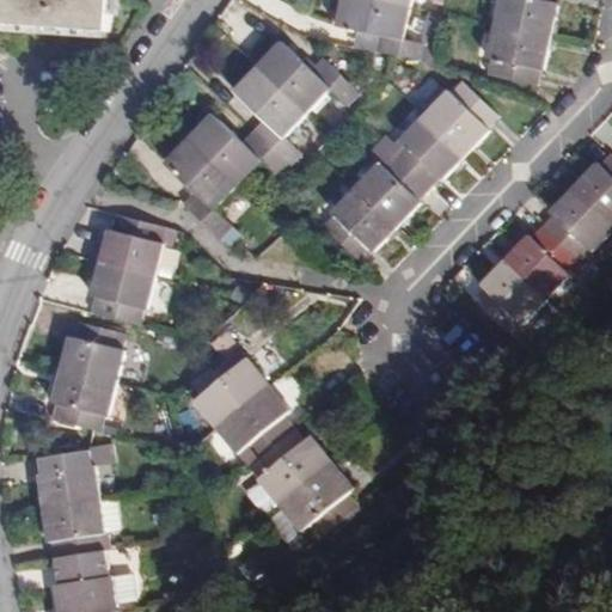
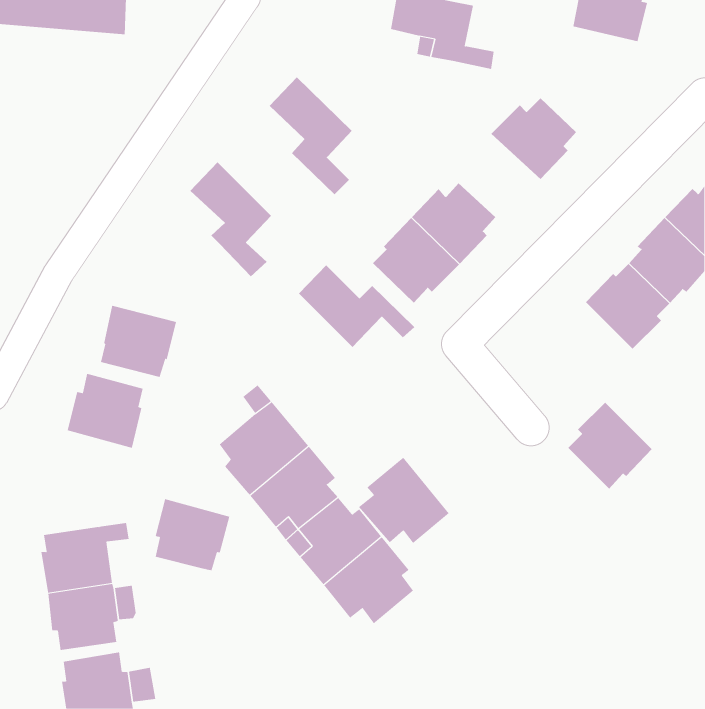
building: [484,23,547,85] -> none
building: [255,41,356,112] -> none
building: [186,114,287,185] -> [298,264,415,348]
building: [393,115,464,186] -> none
building: [96,213,163,276] -> none
building: [470,259,543,335] -> [568,402,653,489]
building: [49,369,114,432] -> [155,498,230,571]
building: none -> [358,457,450,544]

